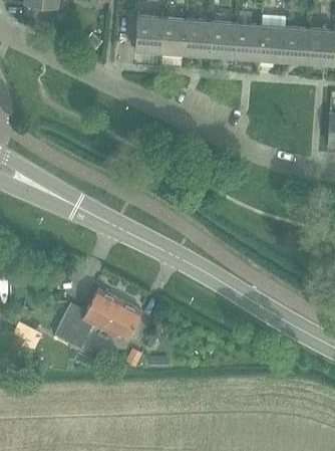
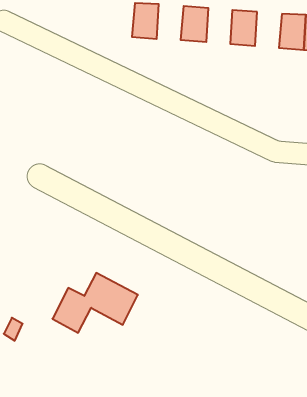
building: [159,16,187,52] -> none
building: [210,20,236,56] -> none
building: [259,24,286,60] -> none

